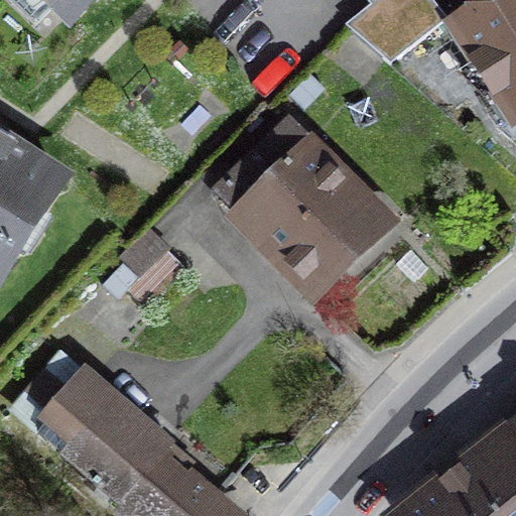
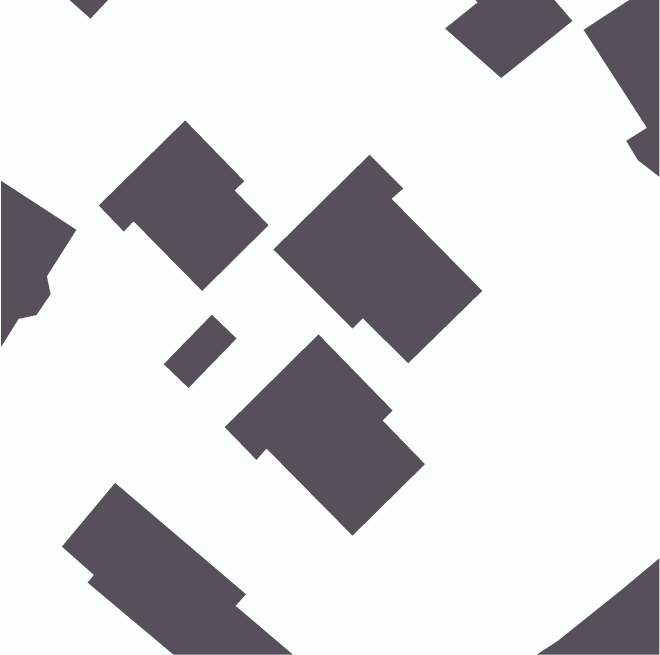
building: none -> [98,119,269,292]
building: none -> [224,334,426,537]

